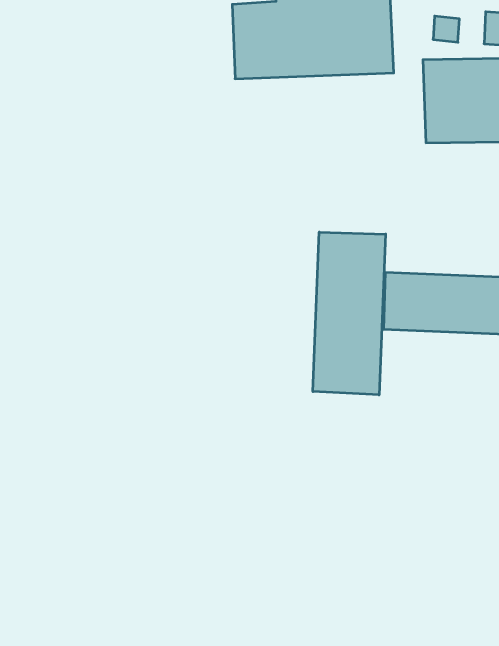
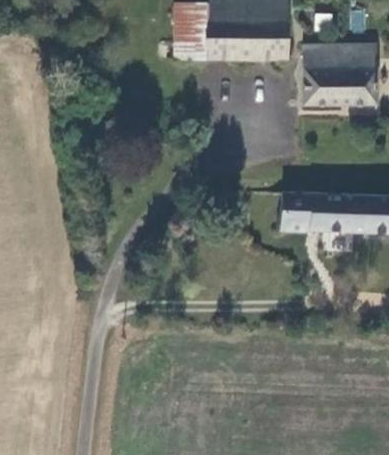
building: [313,232,386,395] -> none

